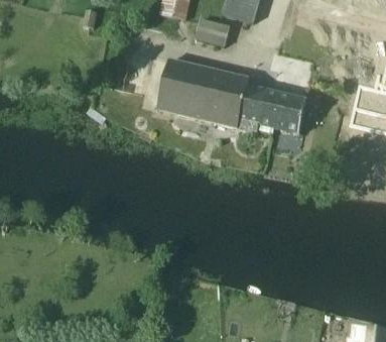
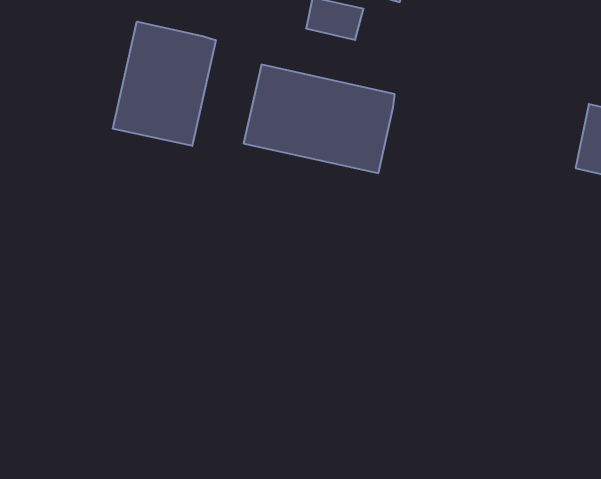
building: none -> [113,22,216,146]
building: [240,86,306,132] -> none

